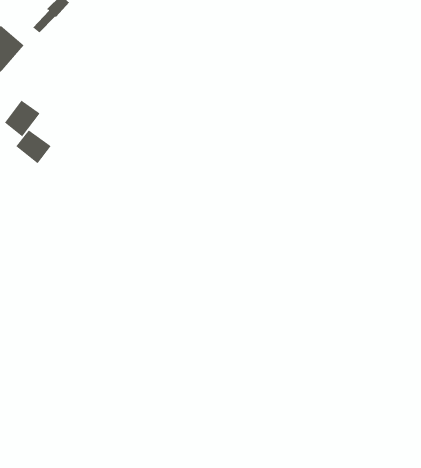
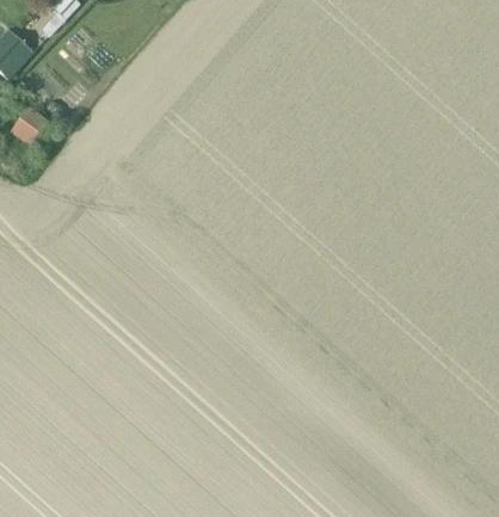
building: [16,129,51,164] -> none

